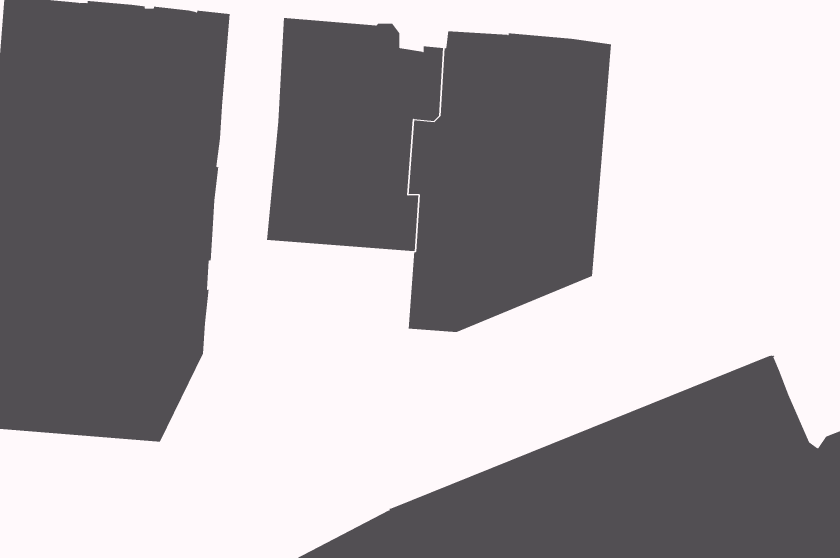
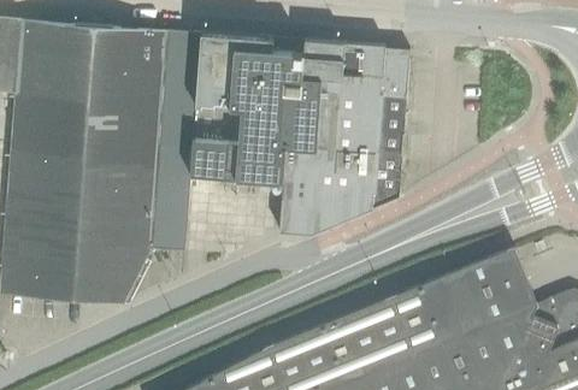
building: none -> [149,31,200,250]

